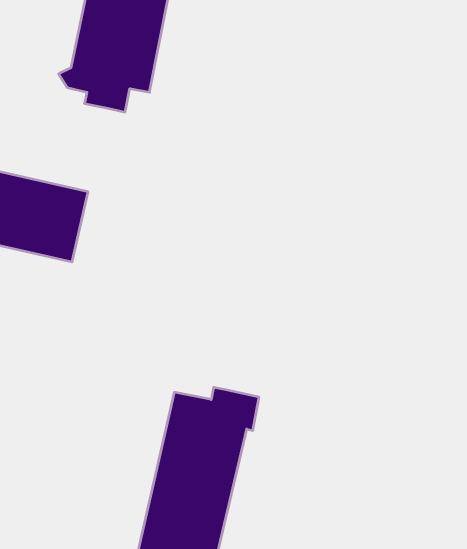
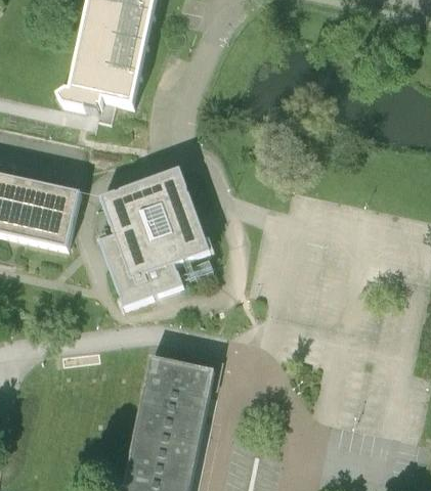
building: none -> [100,171,210,308]

